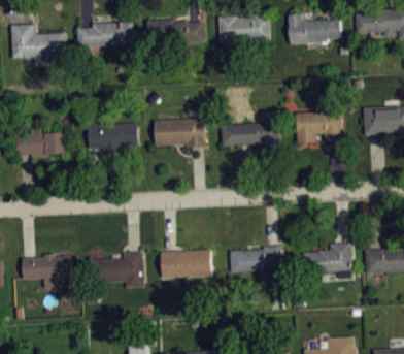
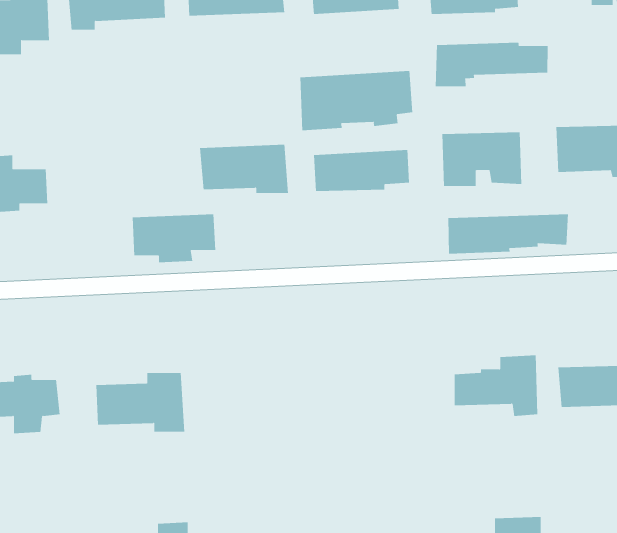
building: none -> [435,42,548,87]
building: none -> [300,70,413,131]
building: [88,124,137,153] -> [132,214,216,263]
building: none -> [448,214,569,254]
building: [230,246,283,273] -> none
building: [161,251,211,278] -> none

